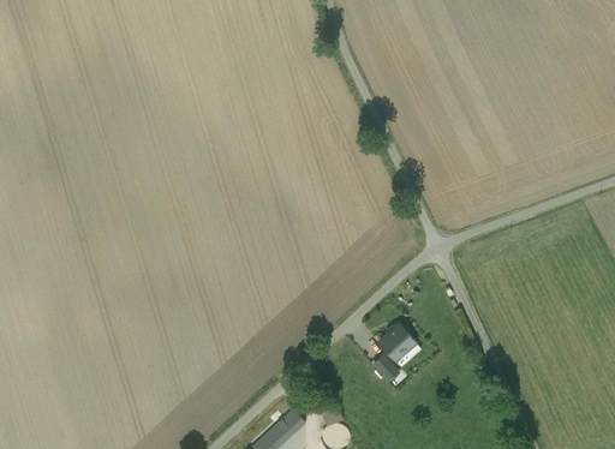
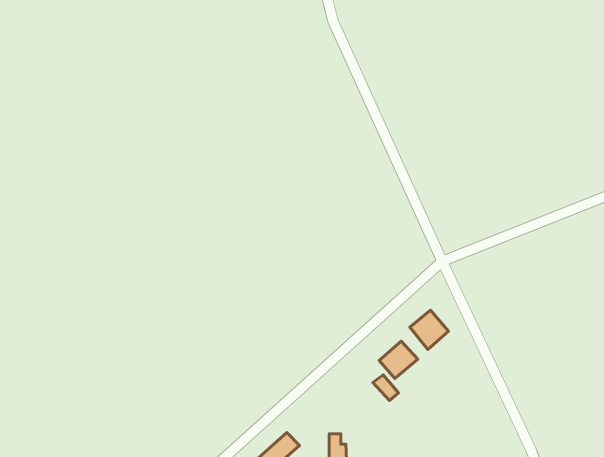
building: none -> [410,310,449,350]

